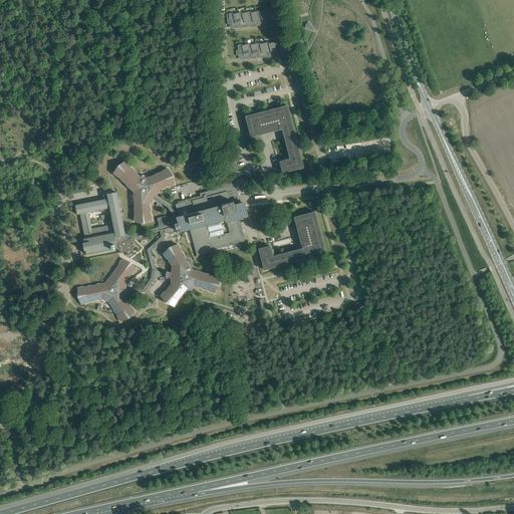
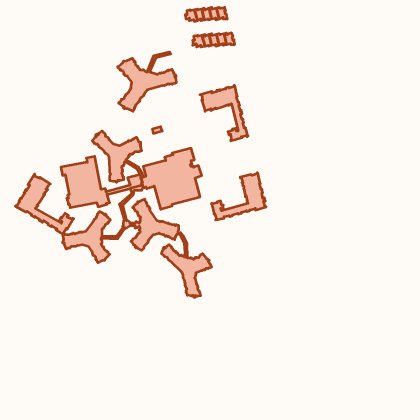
building: none -> [118,52,176,111]
building: none -> [16,174,74,235]
building: none -> [162,233,211,297]

